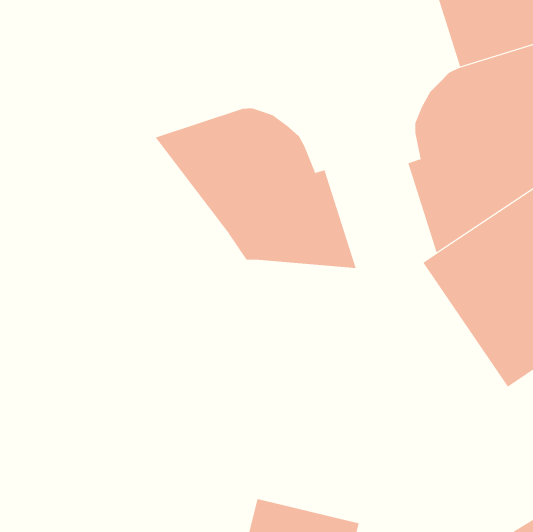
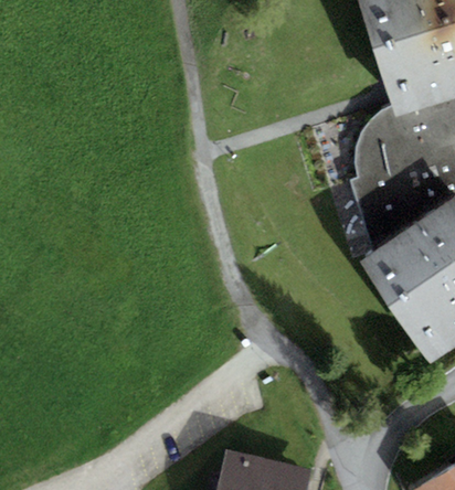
building: [155,107,357,269] -> none

